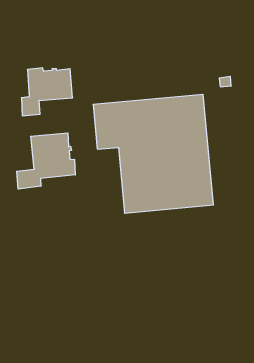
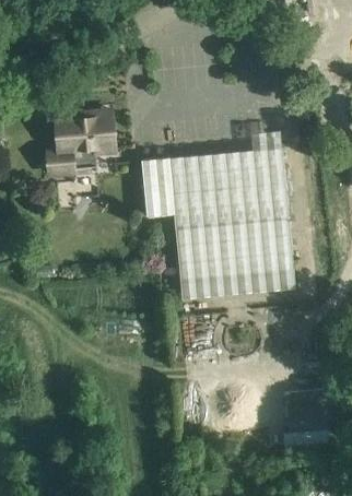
building: [17,133,75,189] -> none

